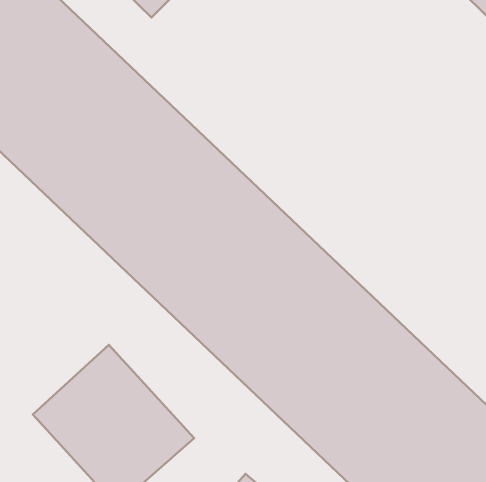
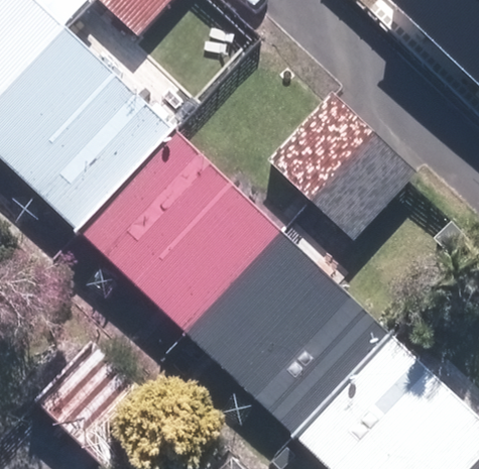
building: none -> [264,87,420,243]

